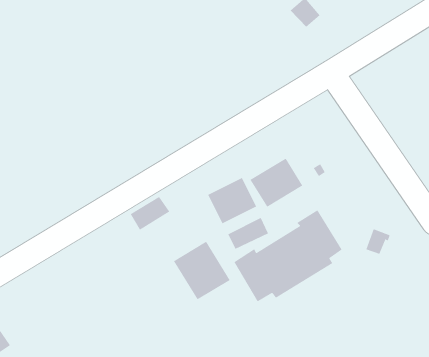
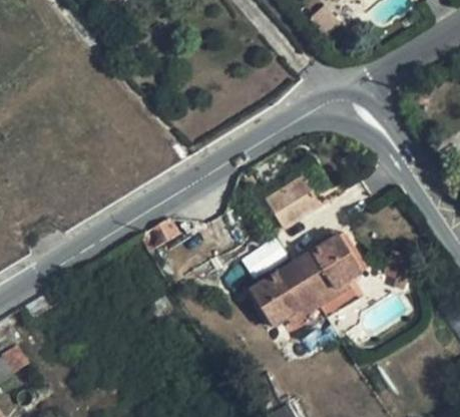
building: [208,177,257,224] -> none
building: [173,241,231,300] -> none

